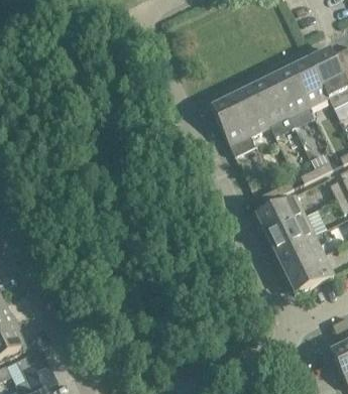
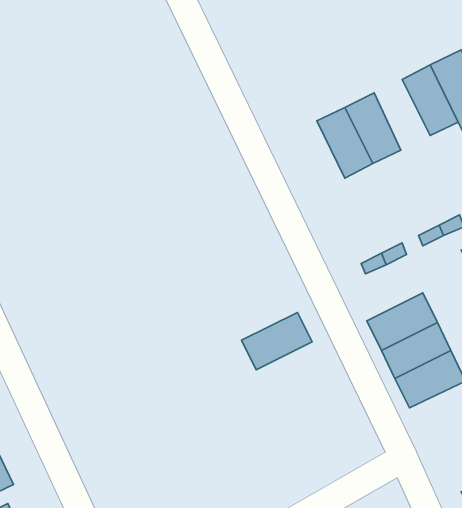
building: [270,67,314,125] -> none
building: [210,95,255,154] -> none
building: [255,192,304,232] -> [241,312,312,370]

